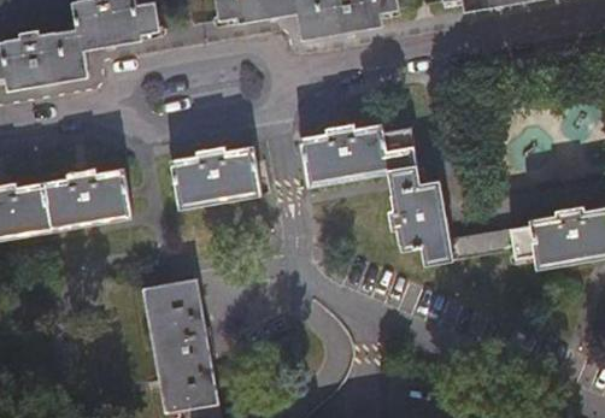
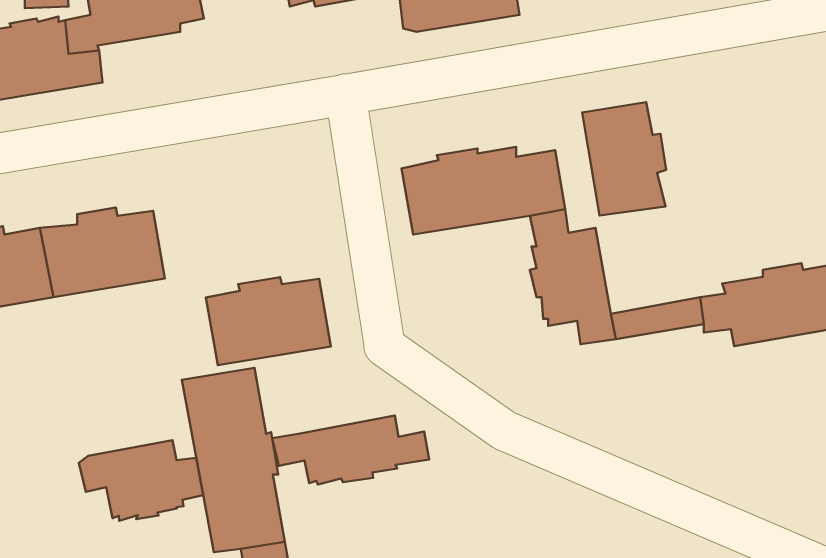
building: none -> [582,102,666,216]
building: [171,145,260,207] -> [206,277,331,365]
building: none -> [272,415,429,485]
building: none -> [79,440,203,521]

